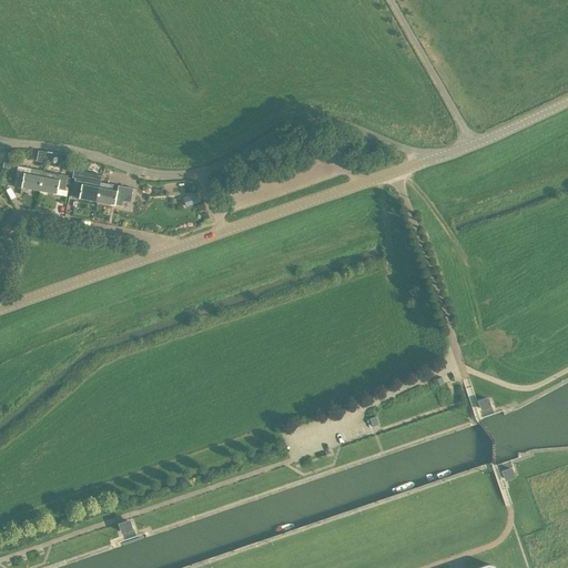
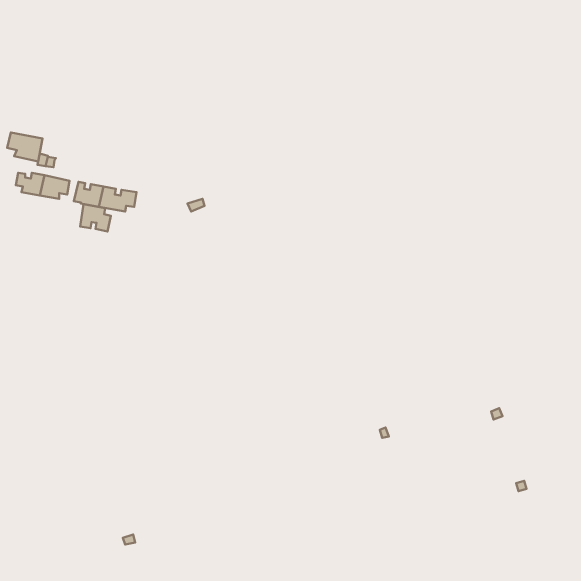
building: none -> [7,133,43,162]
building: none -> [80,204,111,232]

